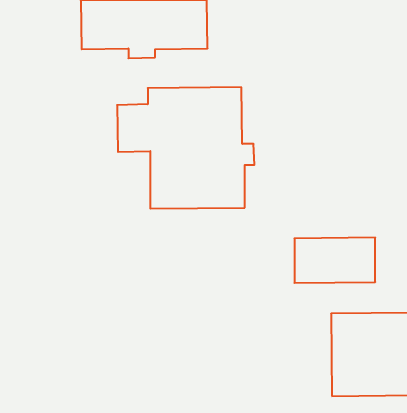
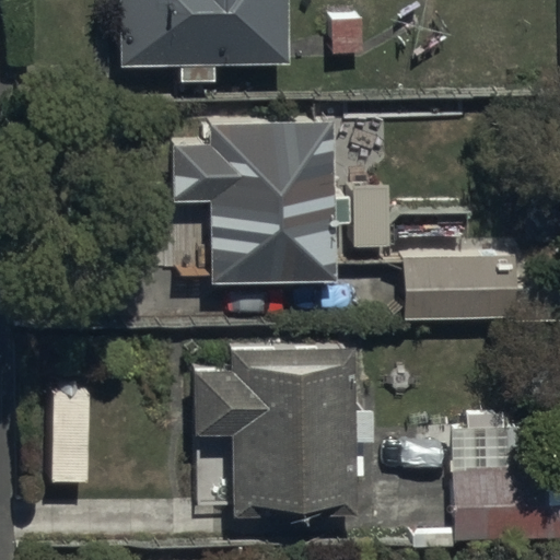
building: [294,238,375,283] -> [407,255,516,316]
building: none -> [195,348,374,516]

